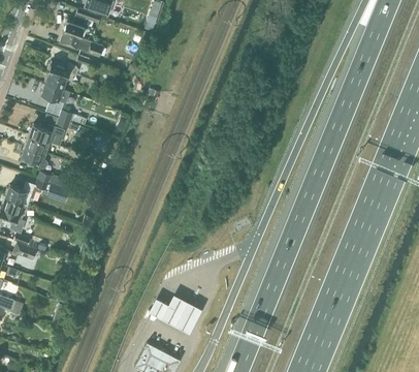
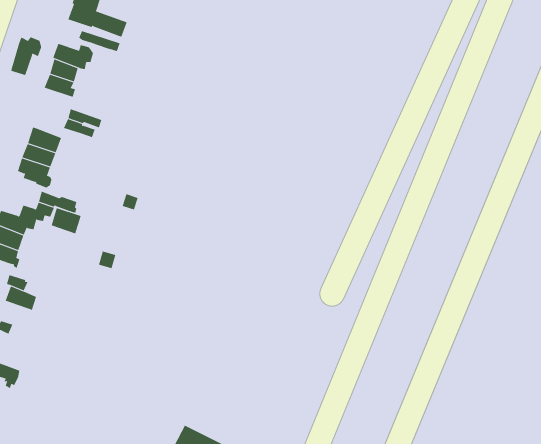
building: none -> [10,37,42,76]
building: [149,296,201,333] -> none

